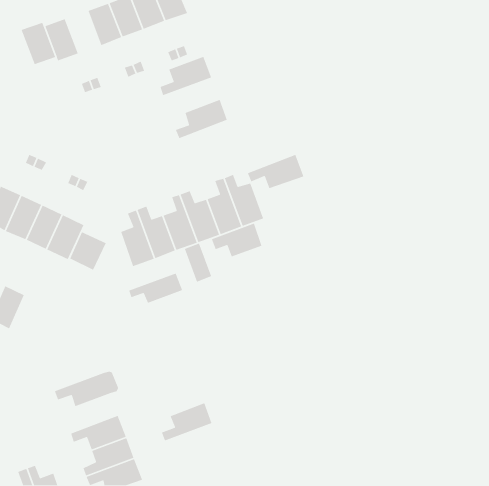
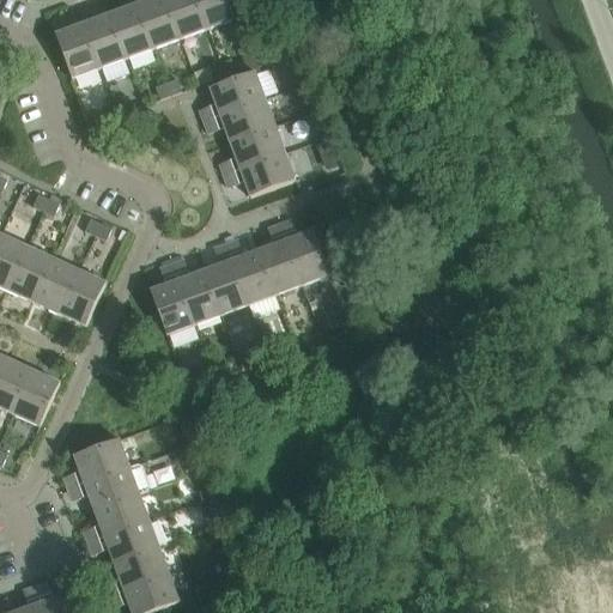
building: [21,22,56,65] -> [81,13,126,67]
building: none -> [202,97,274,140]
building: [247,154,305,189] -> [223,150,295,194]
building: [211,223,262,257] -> none
building: [69,231,107,271] -> none
building: [184,242,212,283] -> none
building: [128,273,183,304] -> none
building: none -> [12,368,57,423]
building: none -> [62,437,128,487]
building: [161,402,213,442] -> [83,491,147,540]

